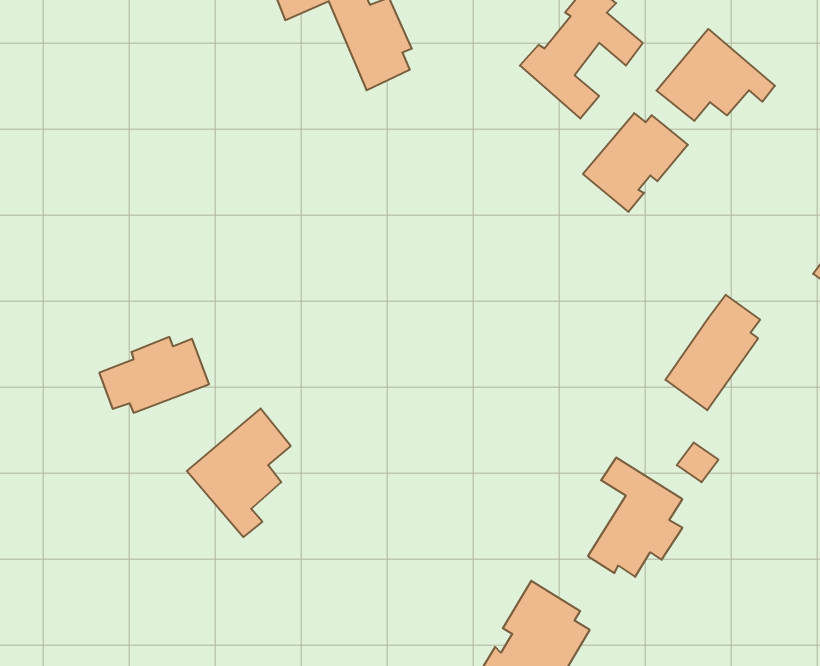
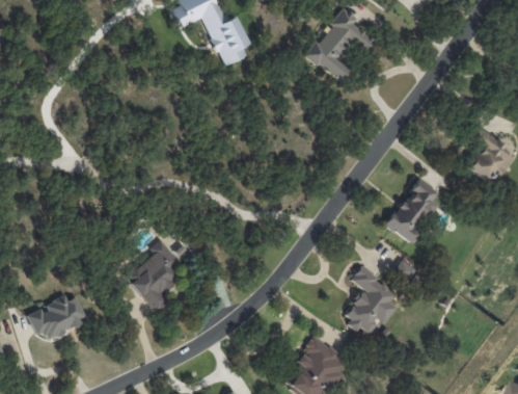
building: [656,29,775,121] -> none
building: [583,113,688,212] -> none
building: [99,337,209,413] -> [28,295,88,337]

